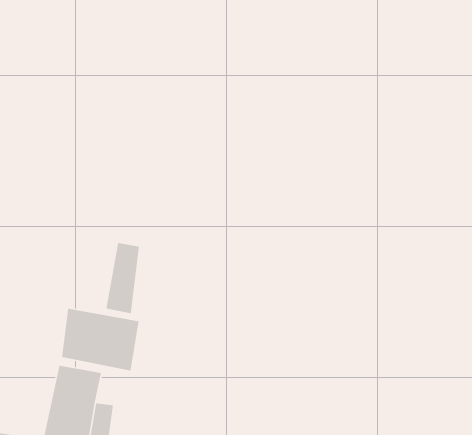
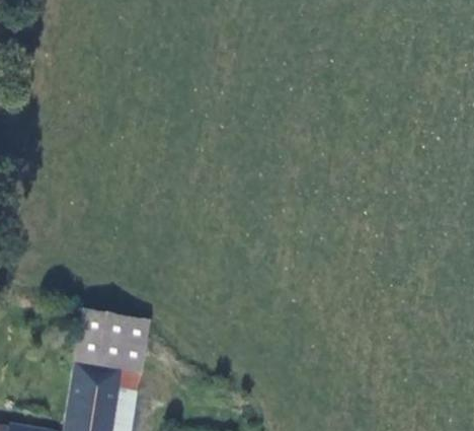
building: [106,242,140,314] -> none

